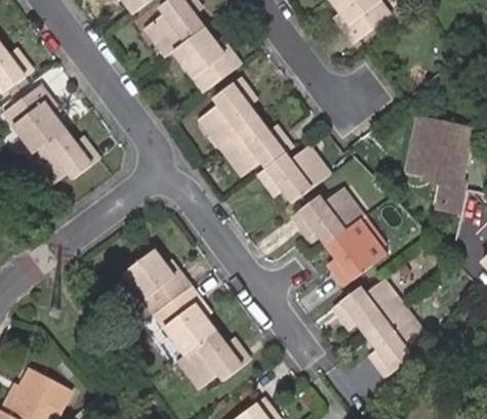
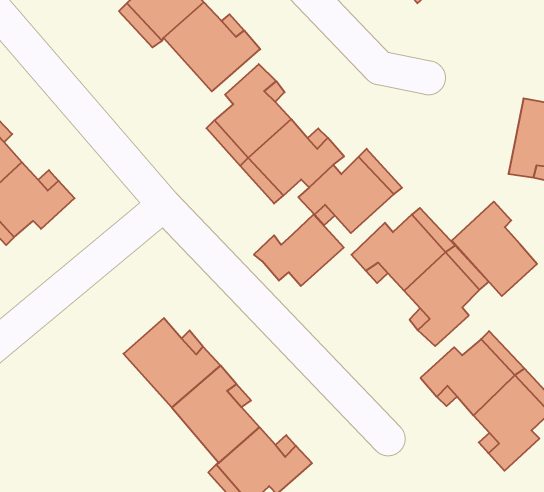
building: none -> [254,215,344,286]
building: none -> [452,202,537,296]

